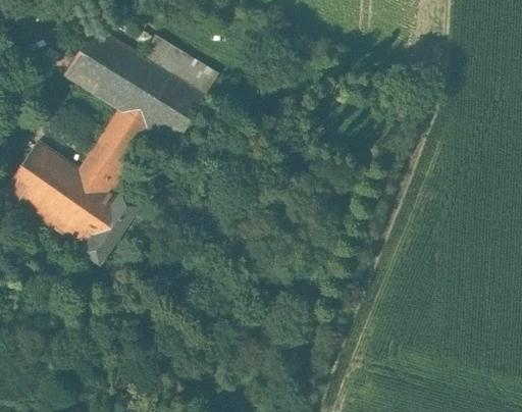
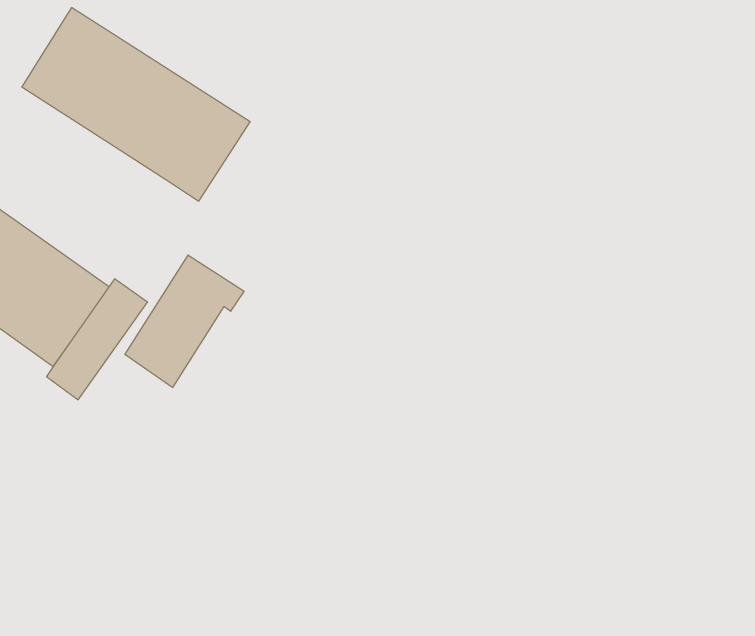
building: [143,35,218,95] -> none
building: [80,108,153,190] -> [125,255,244,387]

